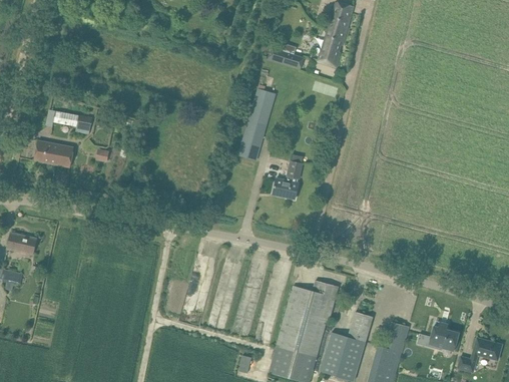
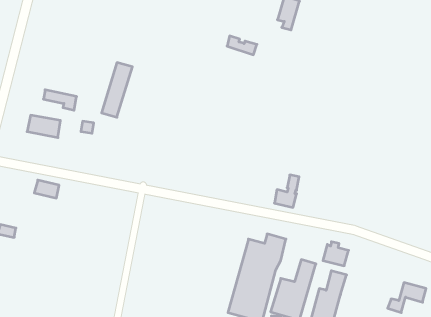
building: [318,28,344,67] -> none
building: [239,89,276,153] -> [102,63,132,117]
building: [273,160,302,199] -> [274,175,299,207]
building: [7,233,36,254] -> [34,180,59,198]
building: [429,322,459,350] -> [323,242,349,266]

